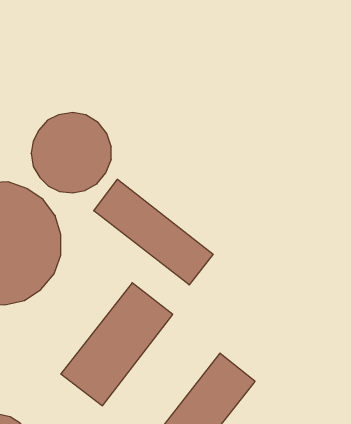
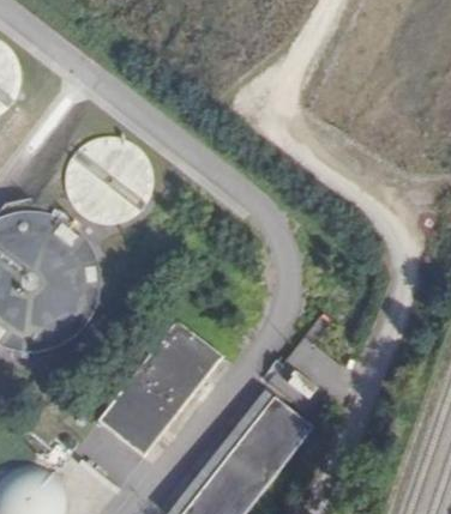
building: [94,179,213,285] -> none

